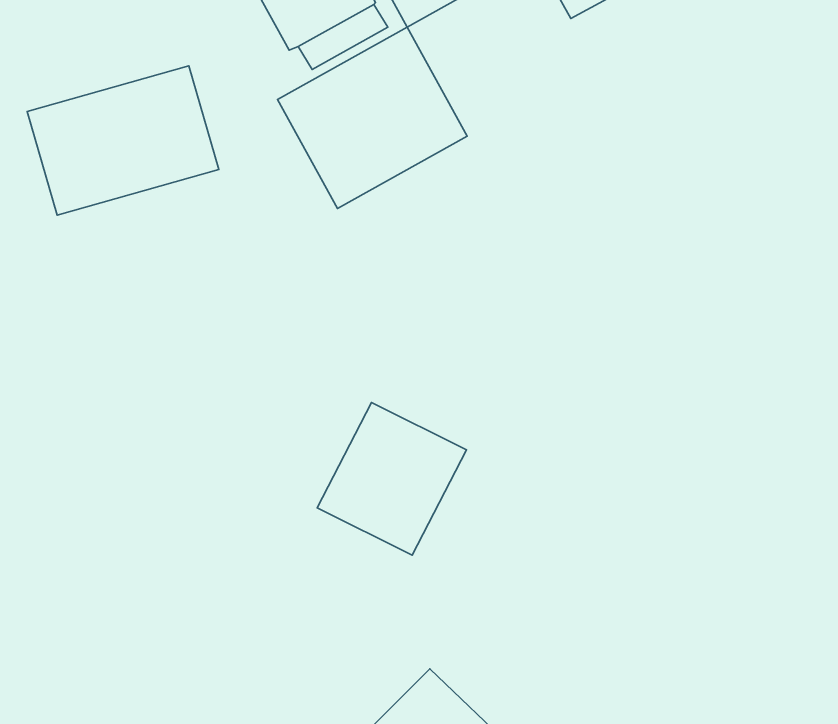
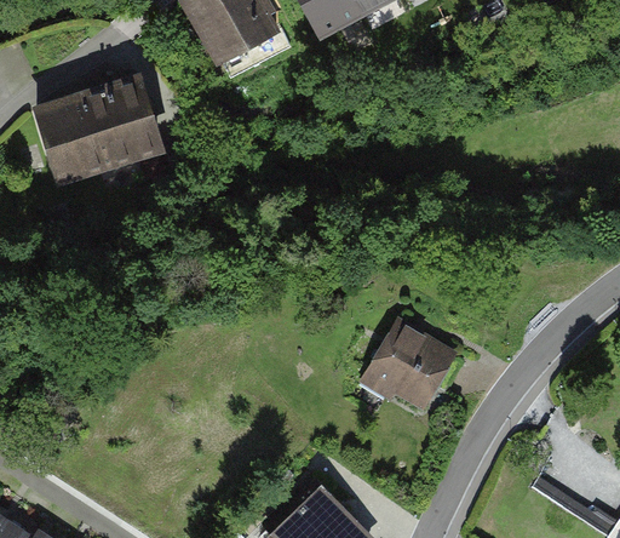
building: [277,27,467,208] -> none
building: [317,402,467,555] -> [357,310,460,416]

